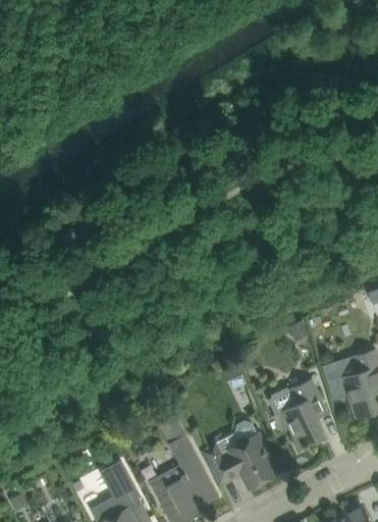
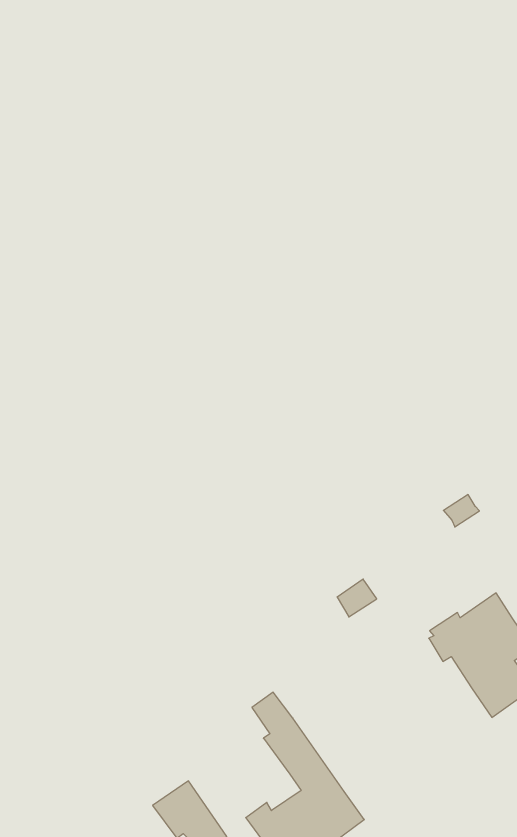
building: [200,422,276,488] -> none

